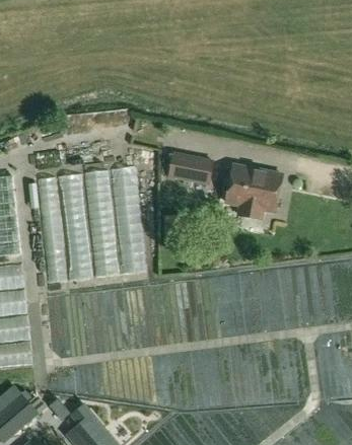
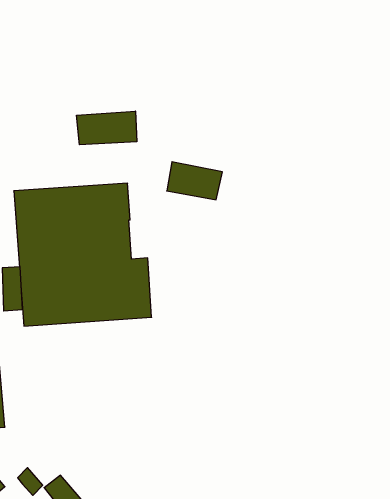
building: none -> [77,111,137,145]
building: [222,163,279,217] -> none

